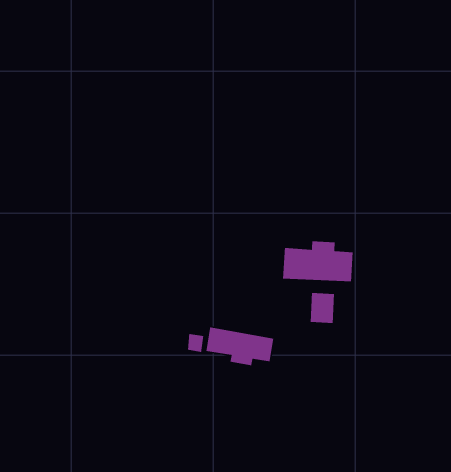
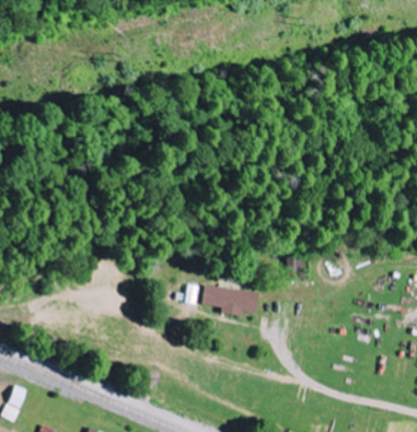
building: [282,241,354,282] -> none

